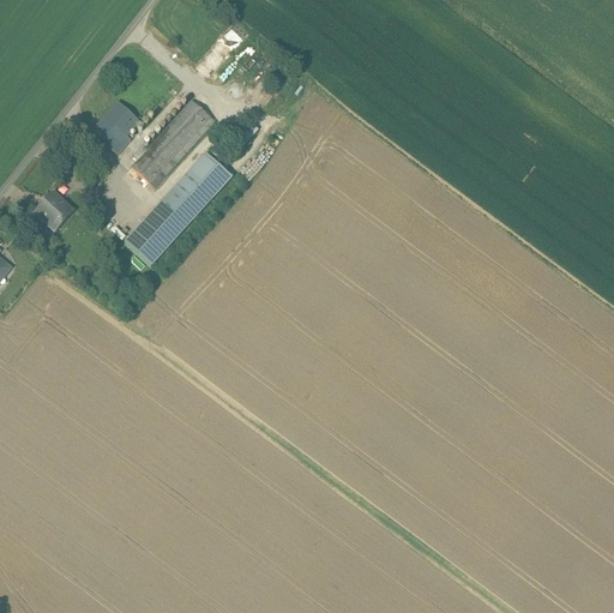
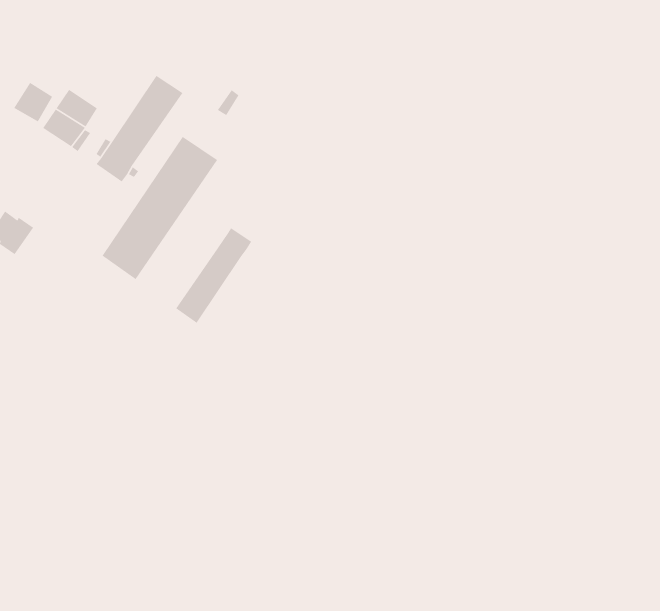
building: none -> [13,82,53,123]
building: none -> [175,227,252,324]

